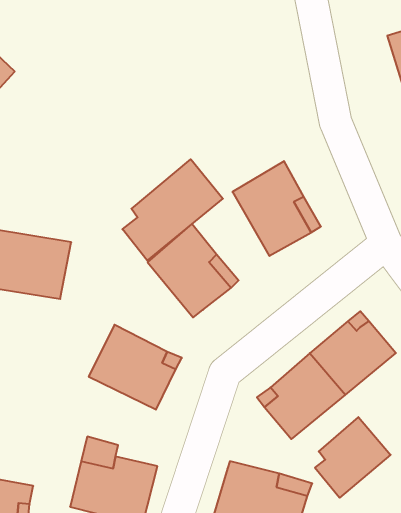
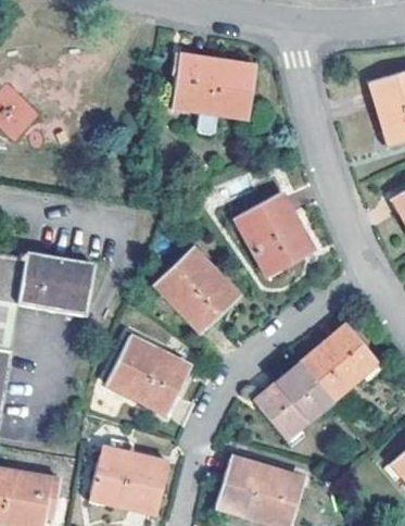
building: none -> [172,54,253,116]
building: [122,159,223,260] -> none
building: [315,417,391,498] -> none

